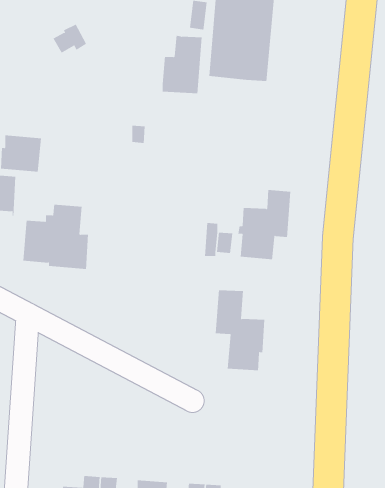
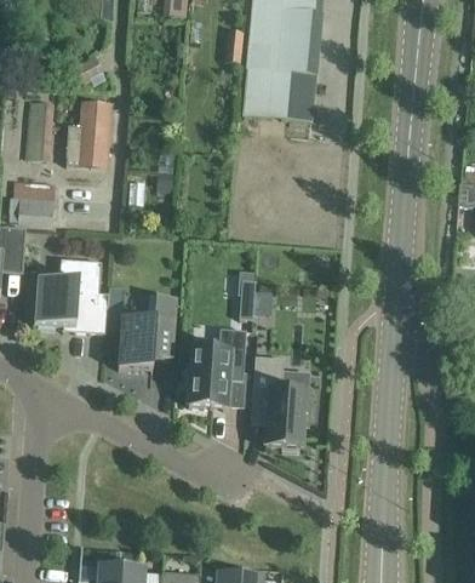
building: [162,35,203,94] -> [65,101,111,167]
building: none -> [24,99,52,159]
building: [238,189,291,260] -> [185,328,246,408]
building: none -> [118,296,177,370]

